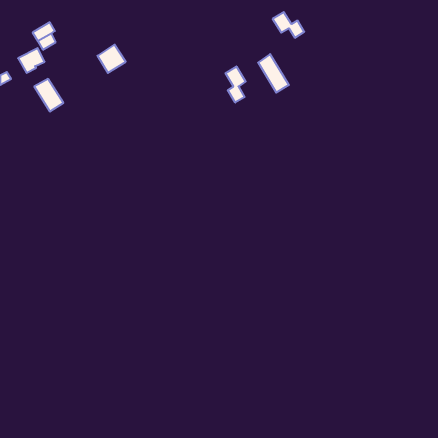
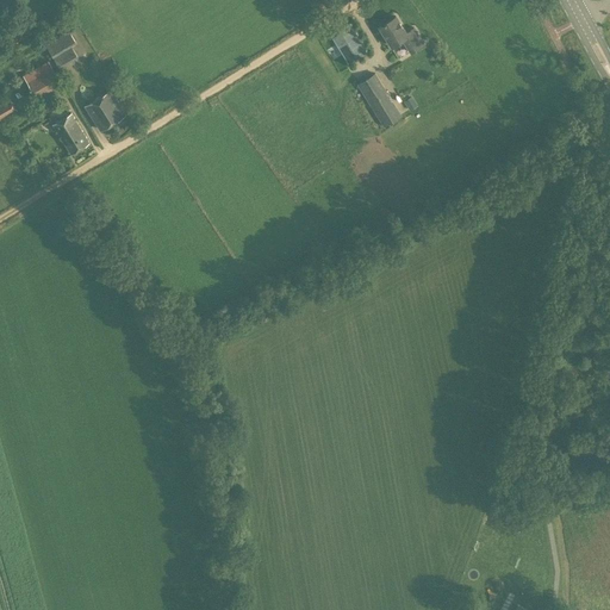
building: none -> [332,27,365,62]
building: [97,45,126,73] -> [85,91,124,130]
building: [226,66,246,103] -> none

